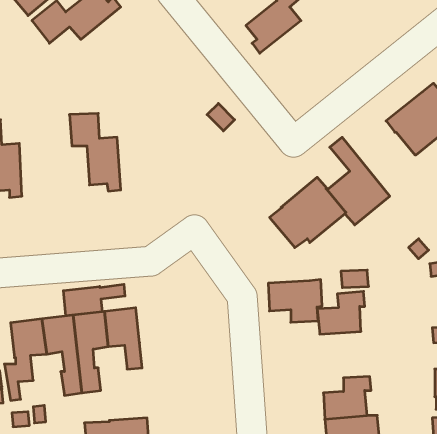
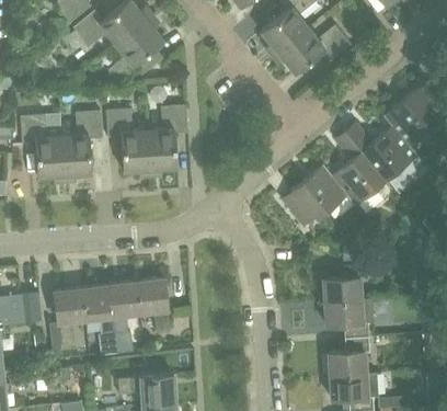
building: none -> [107,15,163,79]
building: none -> [272,25,351,73]
building: none -> [147,104,187,175]
building: none -> [61,111,102,181]
building: none -> [344,122,416,181]
building: [268,280,322,322] -> [324,298,371,335]
building: [63,284,125,316] -> none

